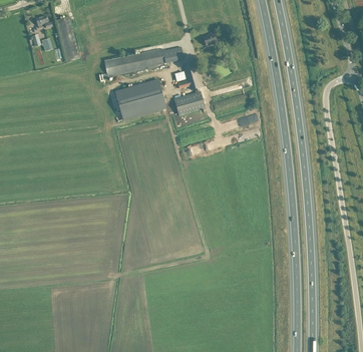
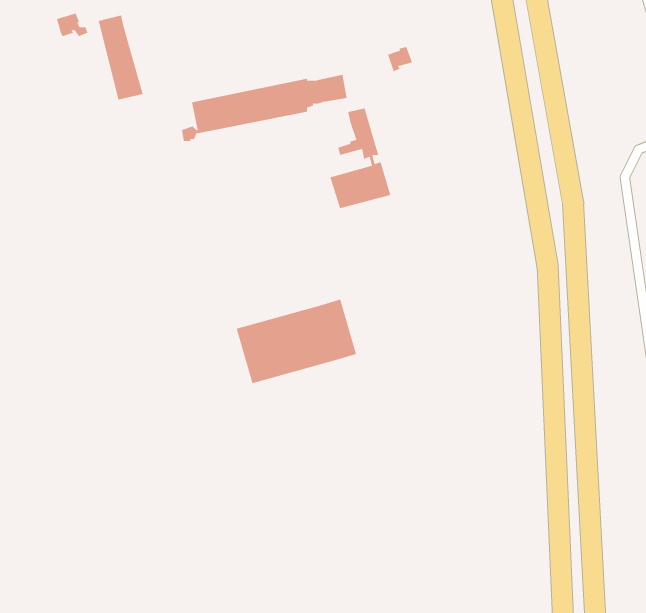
building: [113,76,174,119] -> [236,299,357,384]

